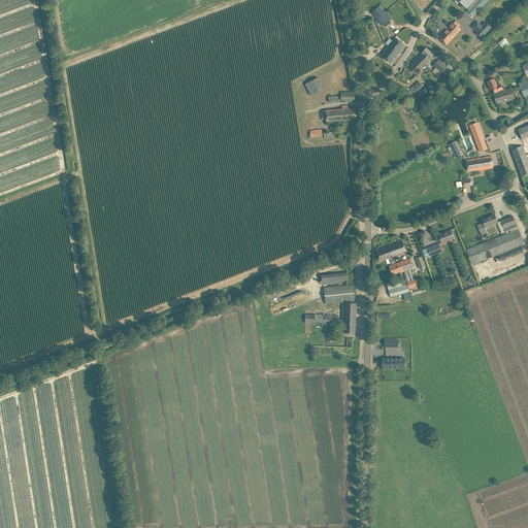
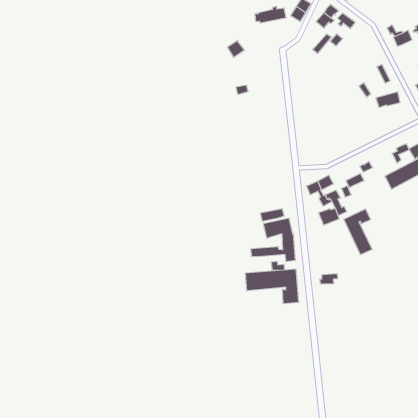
building: [322,104,357,121] -> [255,6,286,23]
building: none -> [344,209,372,255]
building: none -> [245,269,299,304]

